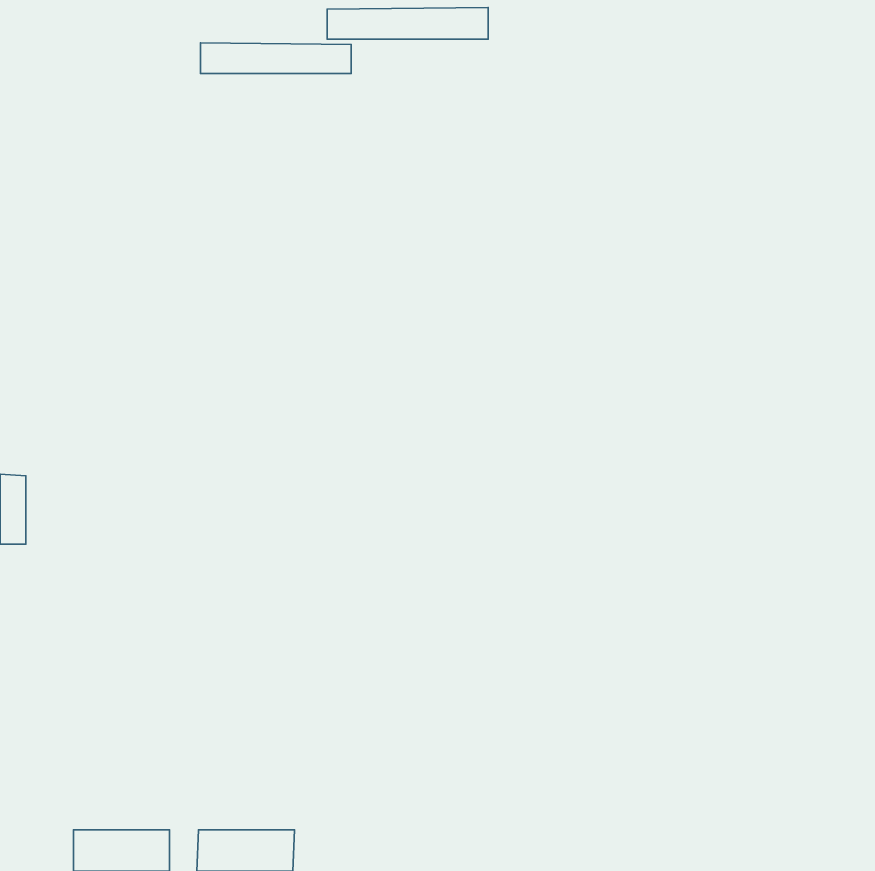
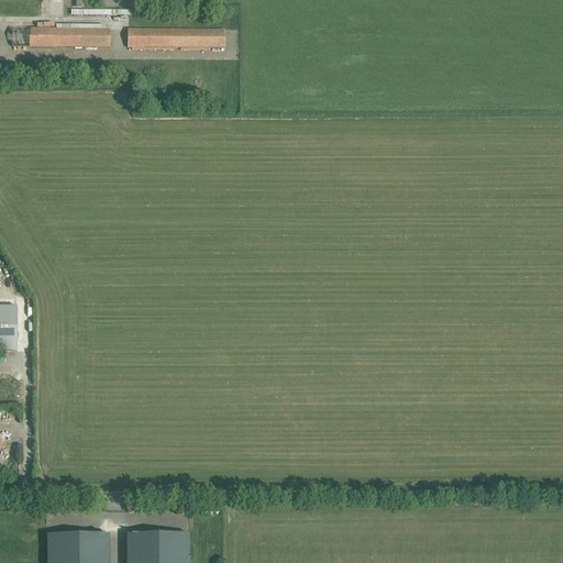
building: [327,7,488,39] -> none
building: none -> [12,26,111,47]

